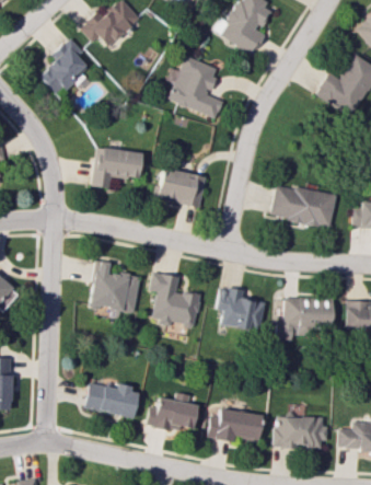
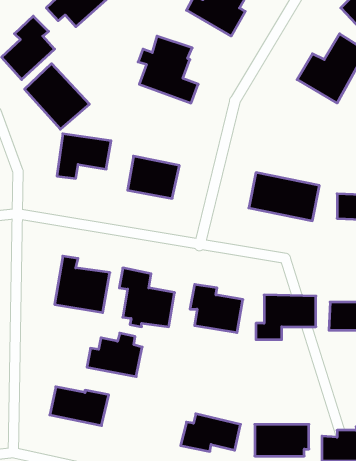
building: none -> [25,64,89,129]
building: [147,392,198,432] -> [87,333,142,377]

